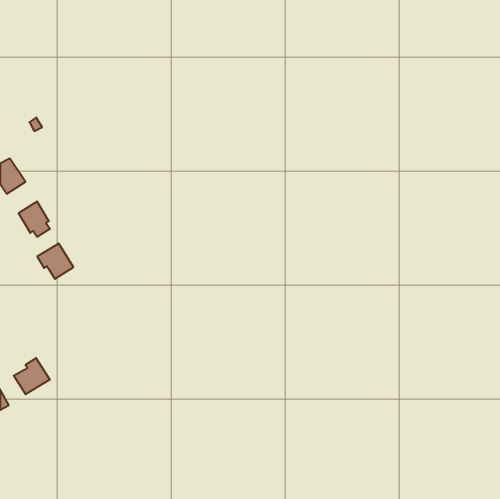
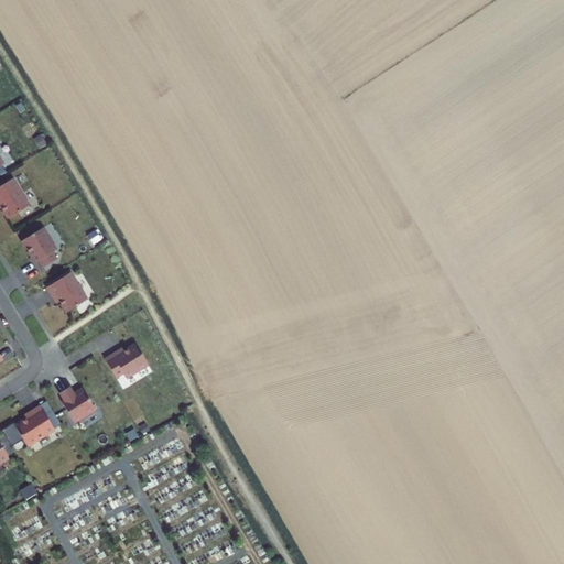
building: none -> [104,343,148,378]
building: none -> [59,386,95,422]

